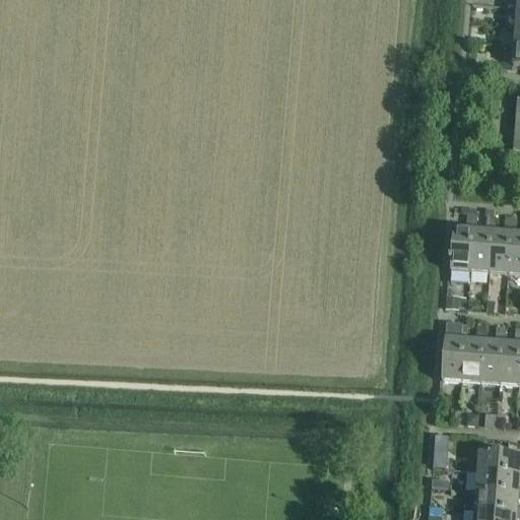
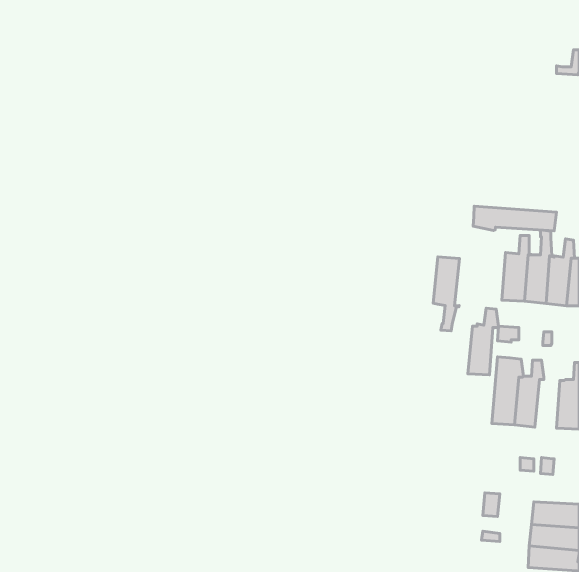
building: none -> [473,206,557,231]
building: none -> [433,257,459,331]
building: [479,324,507,384] -> [468,308,499,375]

